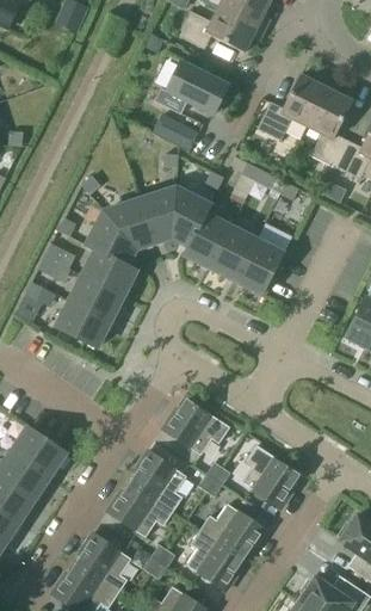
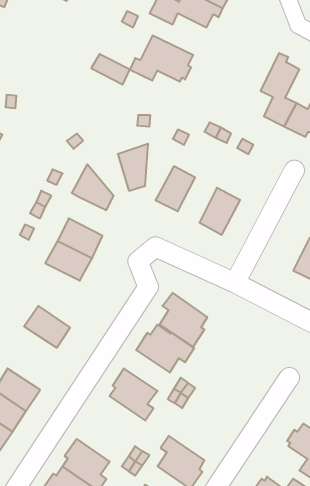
building: [256,74,328,140] -> none
building: [152,113,197,149] -> [91,54,130,85]
building: [172,187,209,245] -> none
building: [104,199,153,248] -> none
building: [210,227,255,279] -> none
building: [82,249,135,295] -> none
building: [11,426,64,475] -> [24,306,70,348]
building: [241,445,297,508] -> [159,293,207,347]
building: [106,482,172,537] -> none
building: [199,504,266,557] -> none

